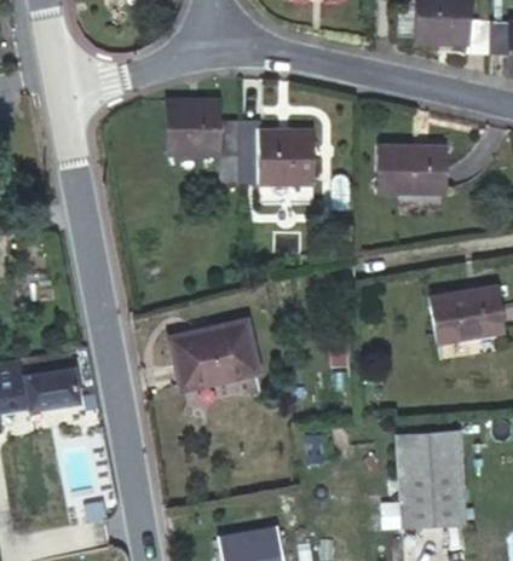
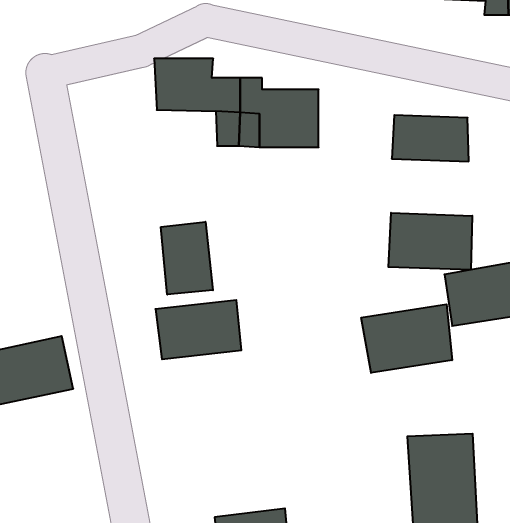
building: none -> [388,213,472,270]
building: none -> [161,222,213,295]
building: none -> [361,304,452,373]

